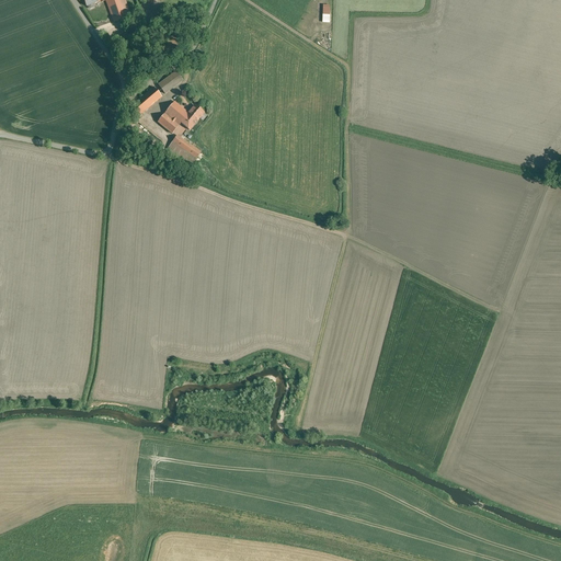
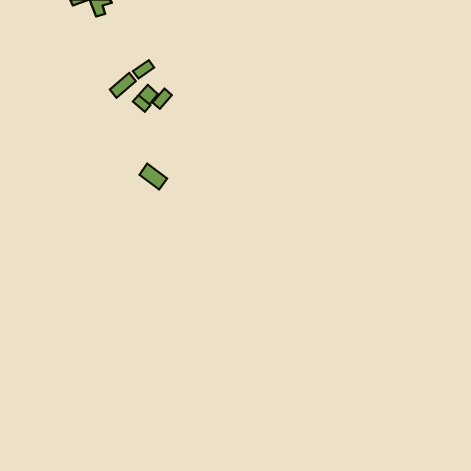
building: [169,134,202,164] -> [140,164,167,189]

